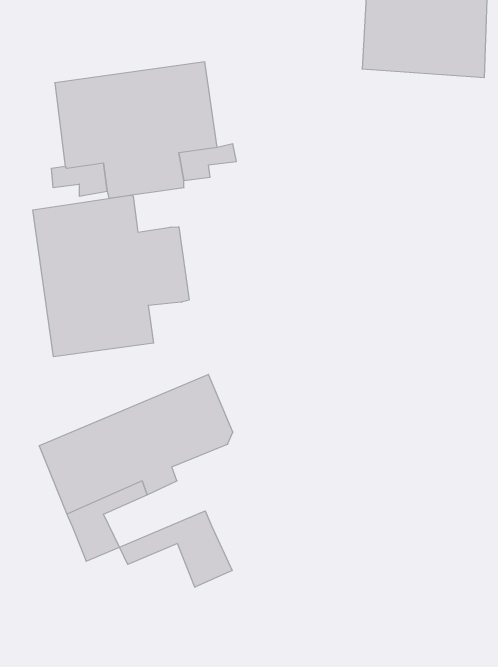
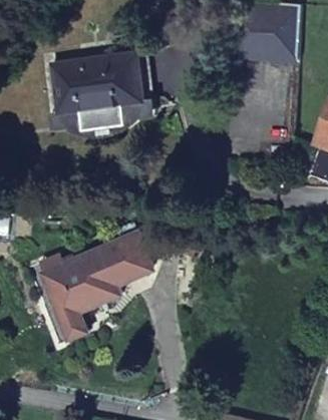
building: [33,195,189,357] -> none
building: [119,511,232,587] -> none

